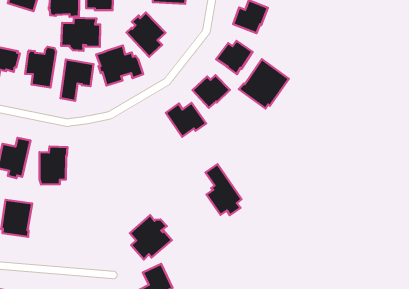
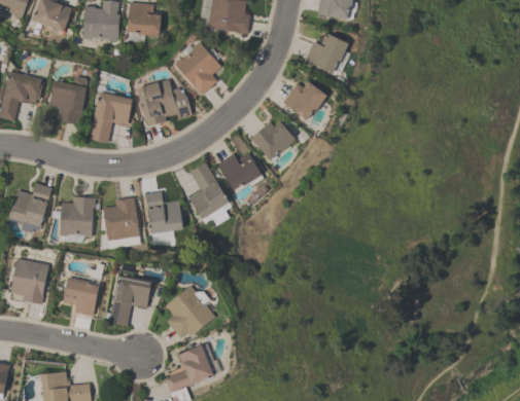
building: [61,18,100,51] -> none
building: [239,59,289,108] -> none
building: none -> [145,191,182,242]
building: none -> [102,197,139,242]
building: [205,164,242,215] -> [188,162,231,225]
building: none -> [108,270,151,326]
building: none -> [63,278,99,316]

